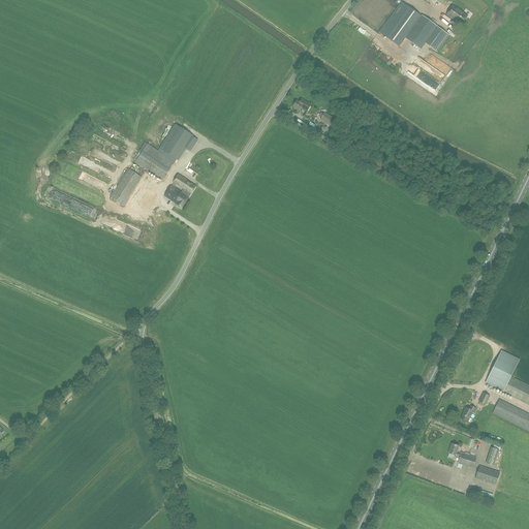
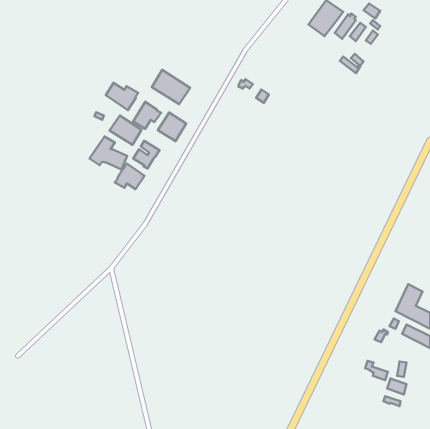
building: none -> [152,70,190,104]
building: none -> [106,83,138,110]
building: none -> [158,112,186,141]
building: none -> [115,163,144,189]

